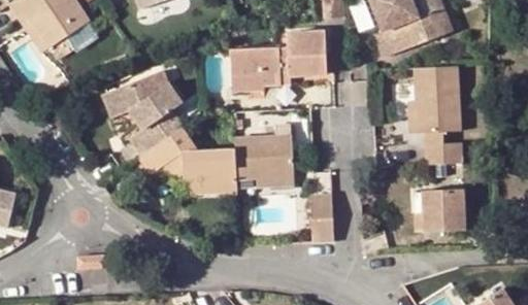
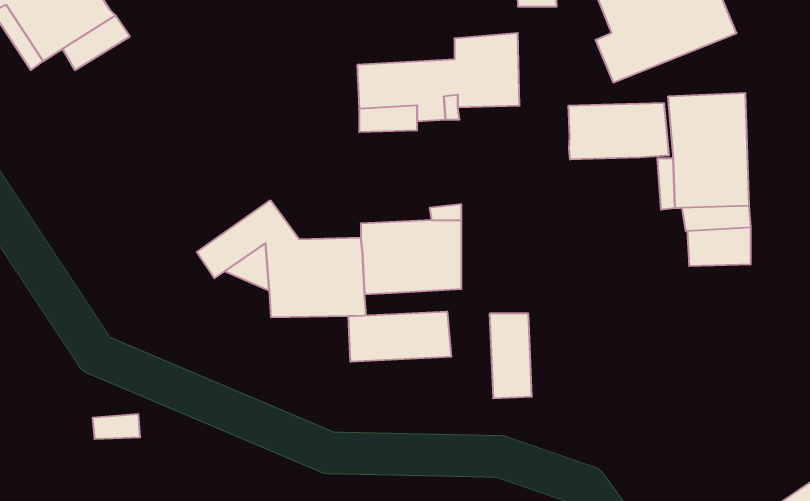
building: [99,70,180,157] -> none
building: none -> [568,103,669,160]
building: [417,187,464,230] -> none
building: none -> [349,311,451,362]

